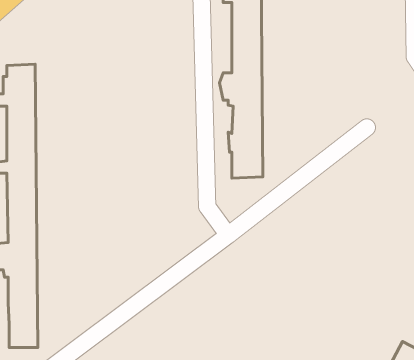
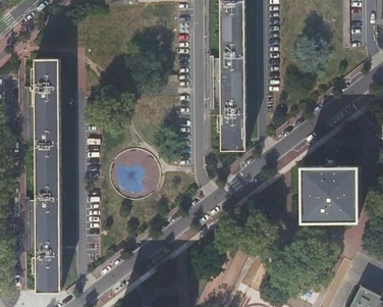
building: none -> [302,168,357,222]

